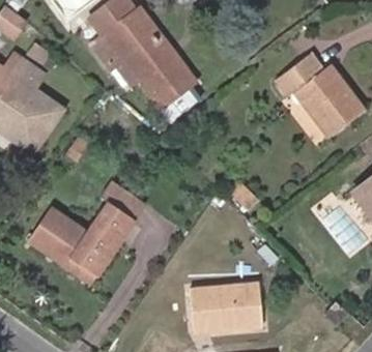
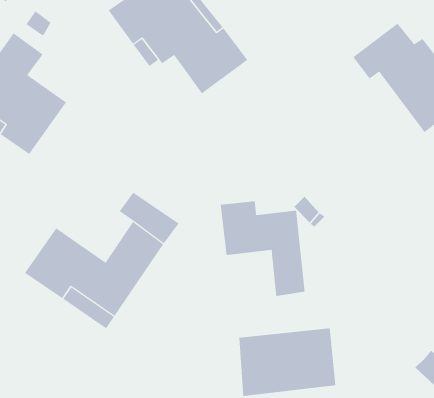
building: none -> [220,201,305,297]

